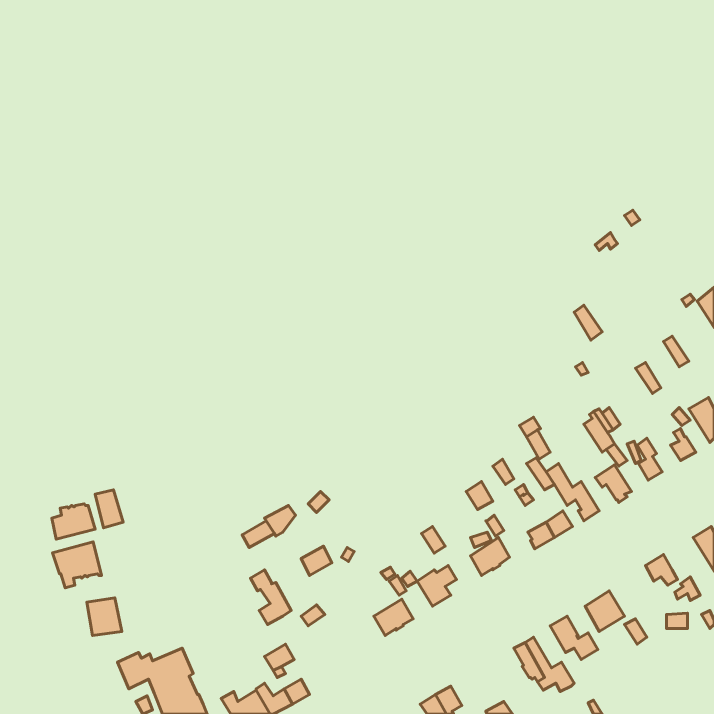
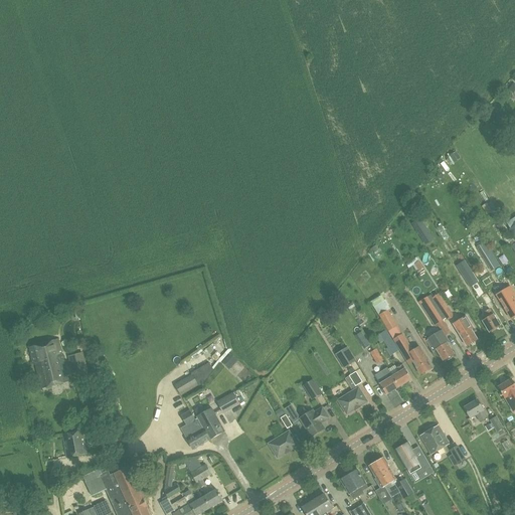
building: [53,542,102,588] -> [28,339,63,372]
building: none -> [197,407,223,439]
building: none -> [340,468,365,499]

